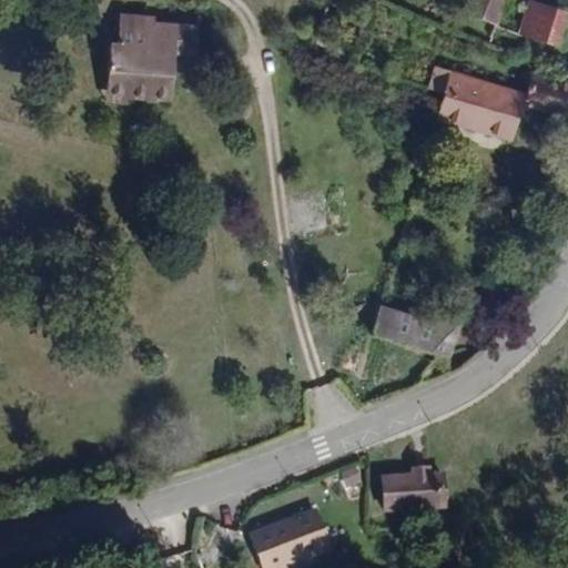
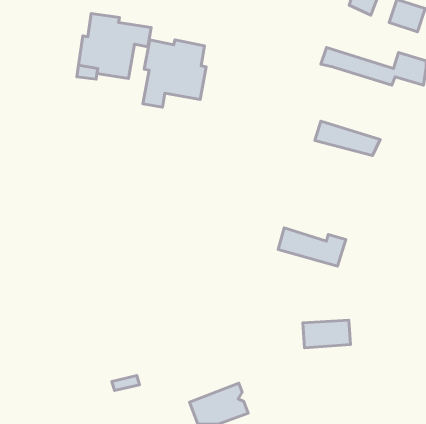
building: none -> [143,40,206,107]
building: [434,89,520,134] -> [315,121,380,155]
building: [384,471,447,508] -> [303,320,350,348]

